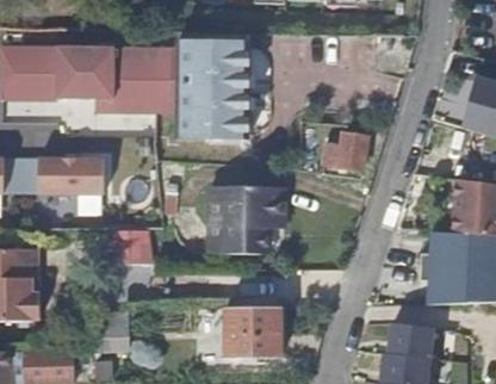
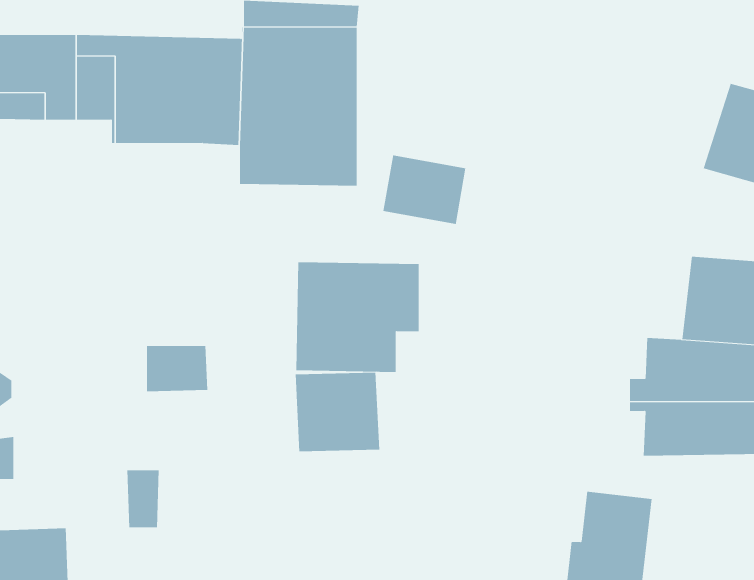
building: [324,131,376,174] -> [383,155,466,225]
building: [38,160,104,197] -> none
building: [227,308,279,357] -> [295,372,380,452]

